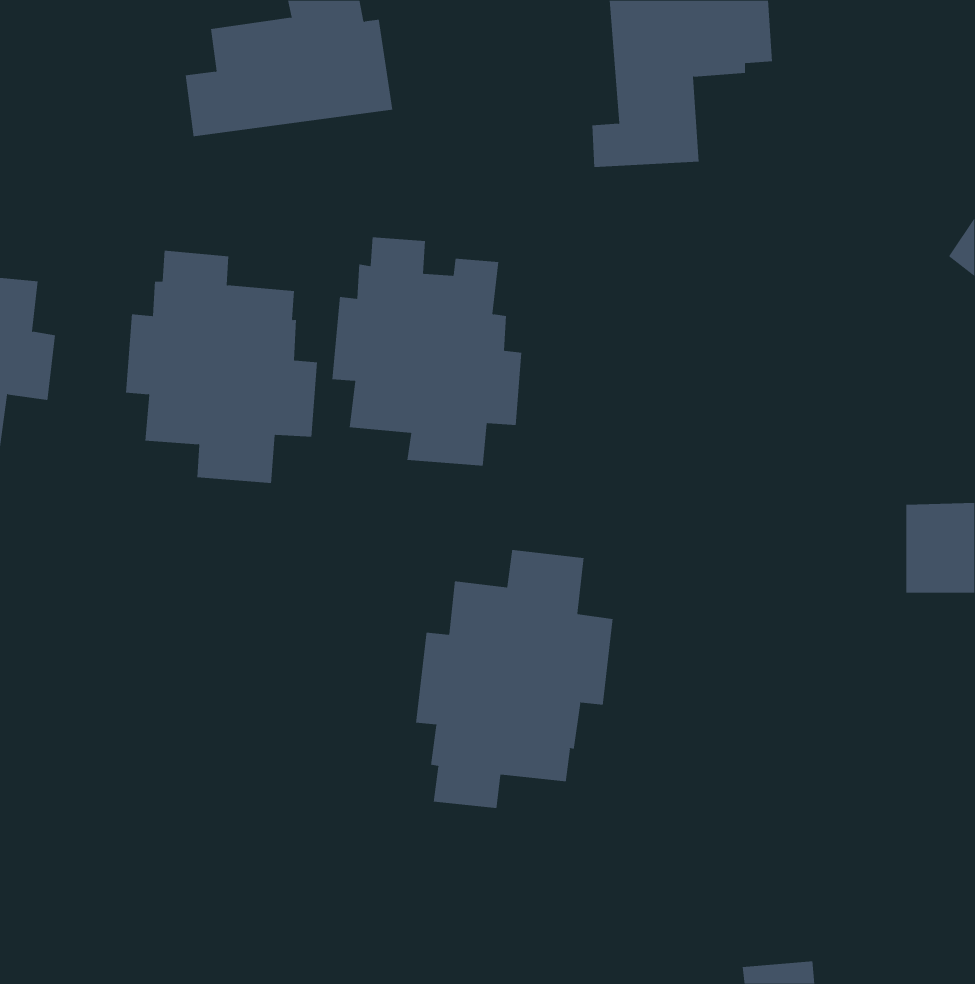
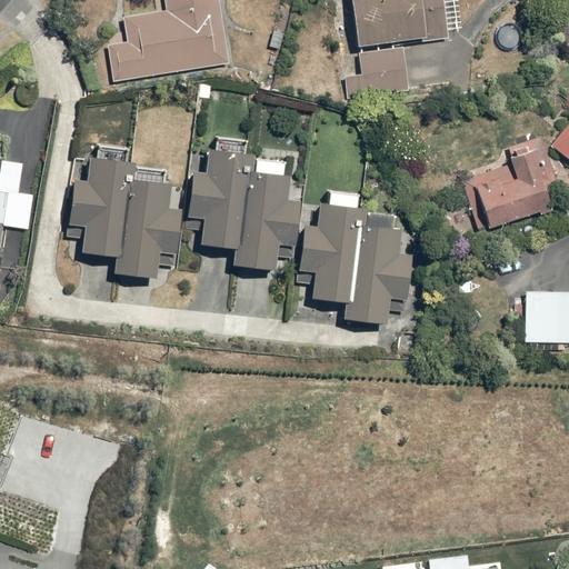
building: none -> [457,129,553,227]
building: none -> [299,191,413,323]
building: [415,549,613,809] -> none

